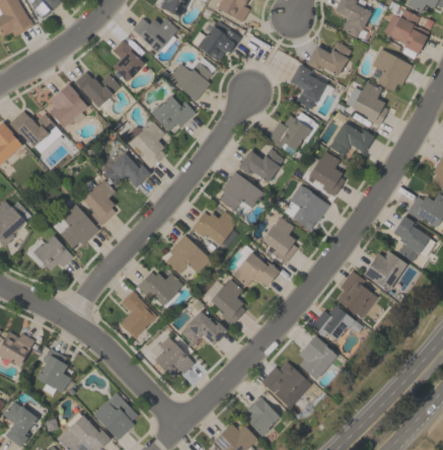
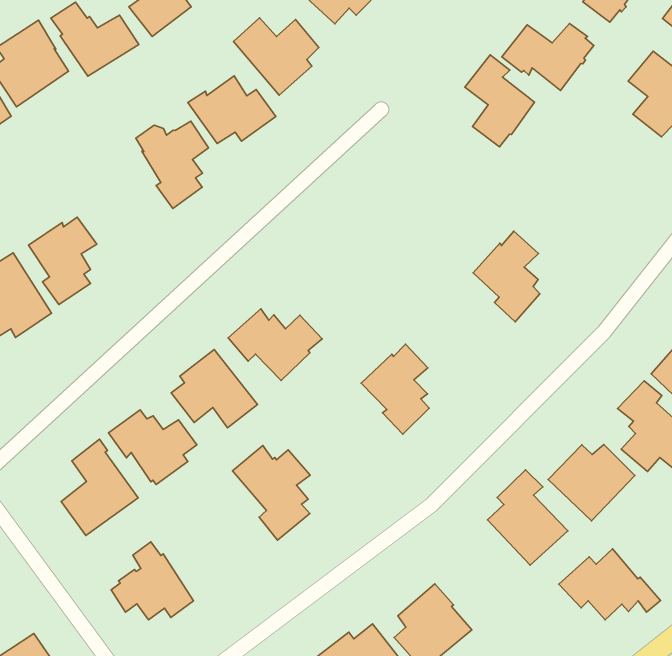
building: [346,81,388,126] -> none
building: [268,111,315,151] -> none
building: [329,122,375,157] -> none
building: [239,148,285,182] -> none
building: [104,153,151,188] -> none
building: [220,171,265,210] -> none
building: [289,184,330,230] -> none
building: [233,245,280,287] -> none
building: [311,304,364,341] -> [559,549,660,620]
building: [181,310,228,345] -> none

